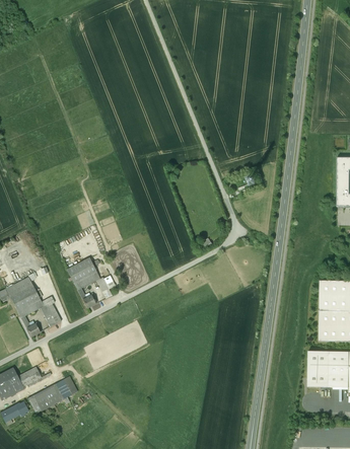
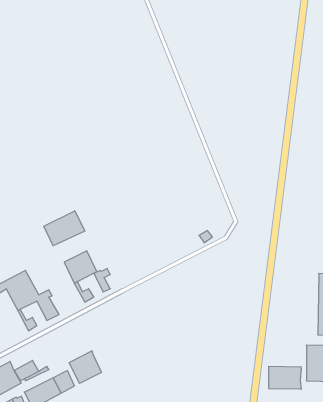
building: none -> [44,211,85,246]
building: none -> [69,351,102,383]
building: none -> [269,366,301,389]

